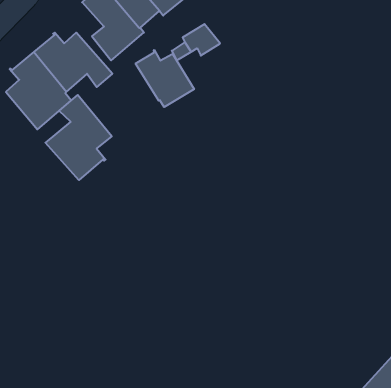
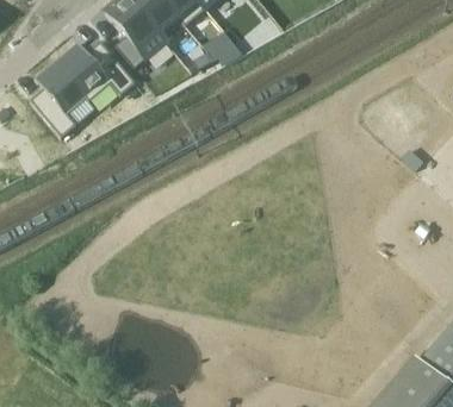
building: [136,50,194,107] -> none
building: [45,95,112,180] -> none

